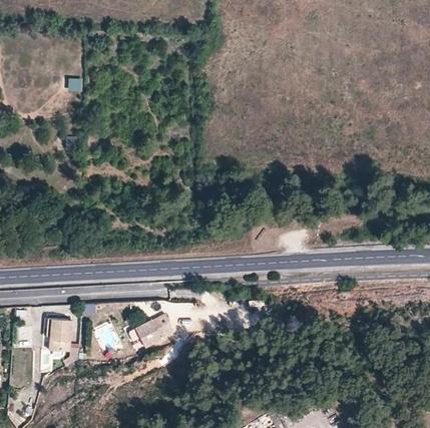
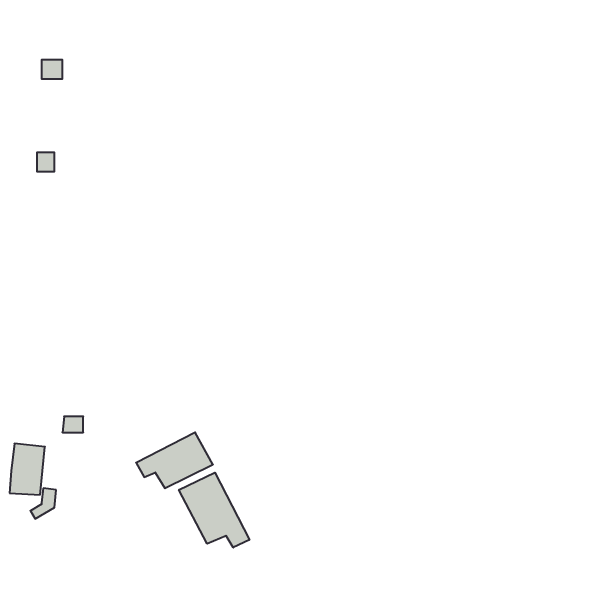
building: none -> [179,473,249,548]

